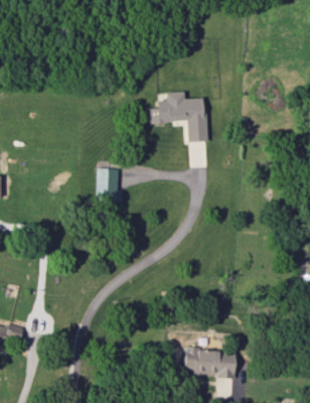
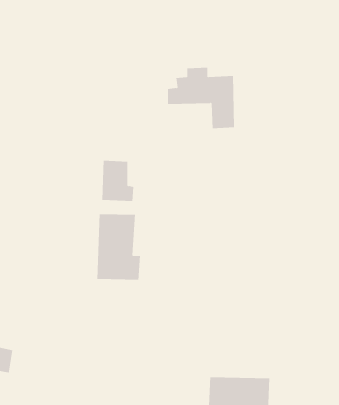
building: none -> [97,214,140,281]

